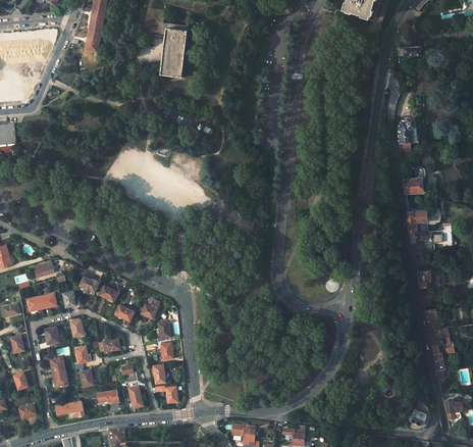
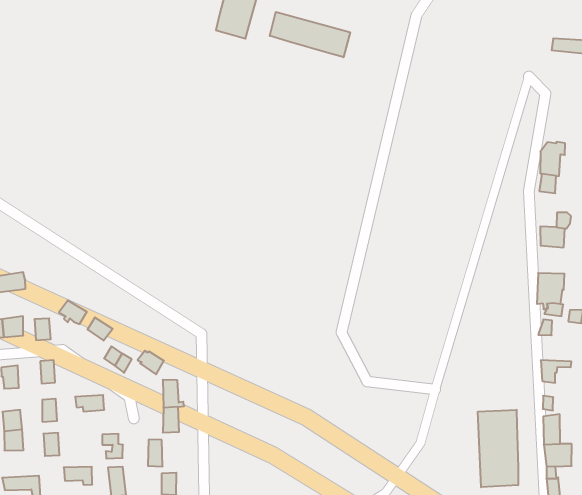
building: none -> [270,12,350,57]
building: none -> [478,410,518,487]

